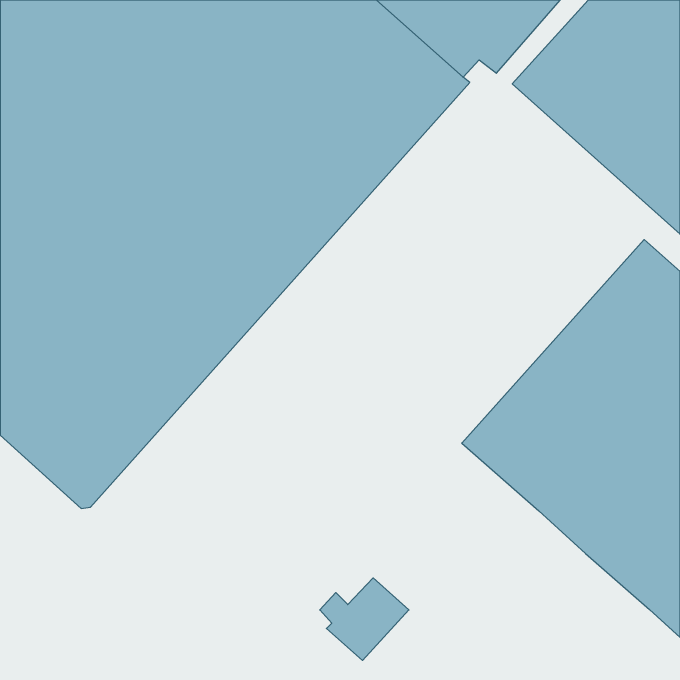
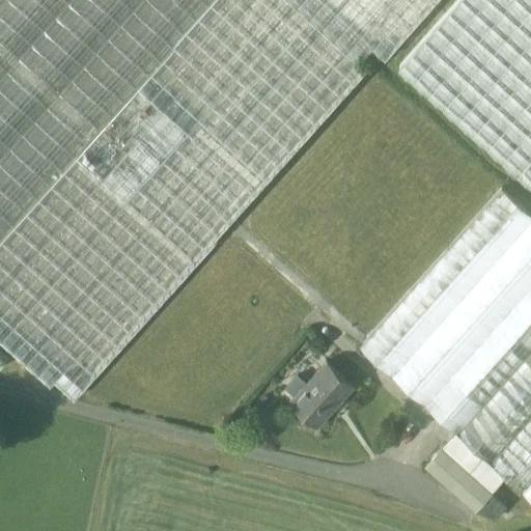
building: none -> [427,431,506,518]
building: [320,578,409,660] -> [285,360,355,424]

